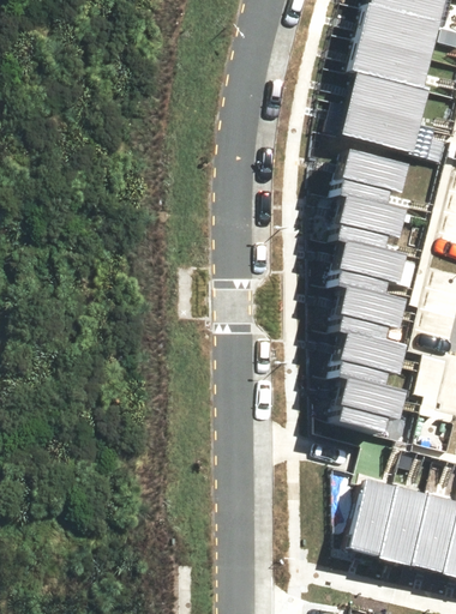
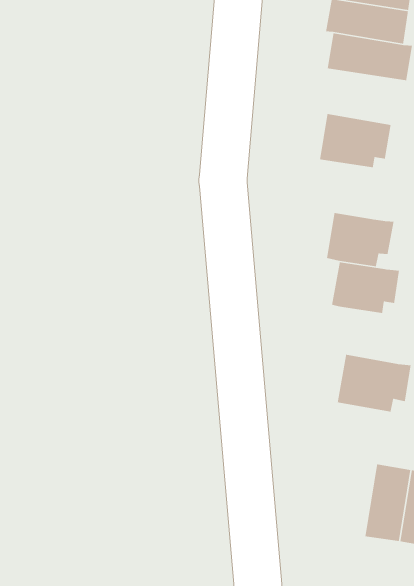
building: [343,104,425,154] -> none
building: [335,192,406,249] -> none
building: [334,330,406,385] -> none

